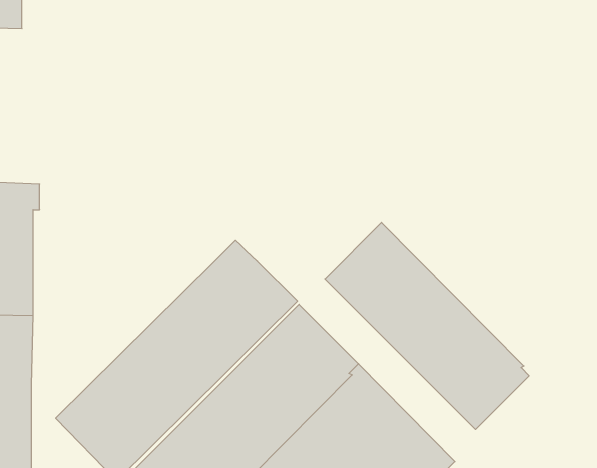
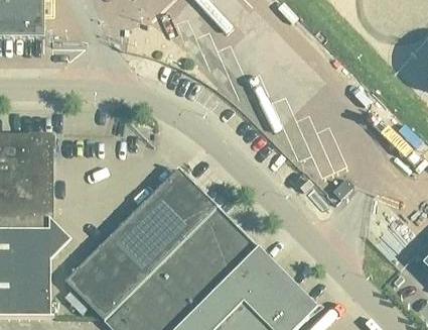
building: [325,222,529,429] -> none

